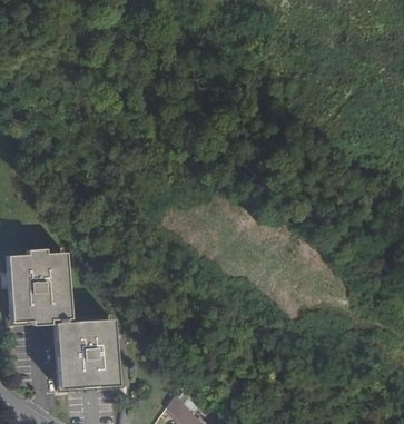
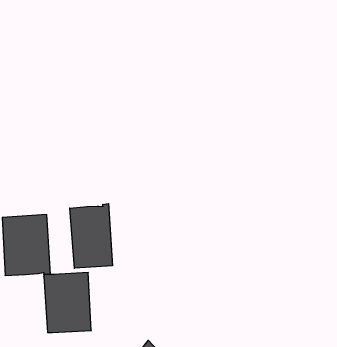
building: none -> [70,204,112,268]

